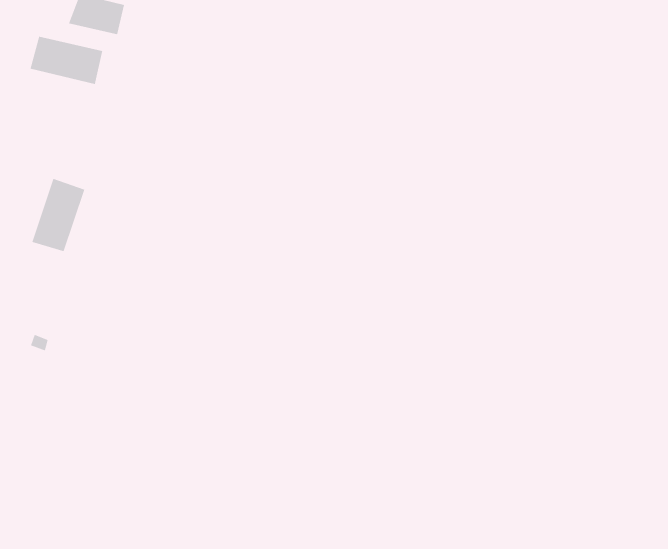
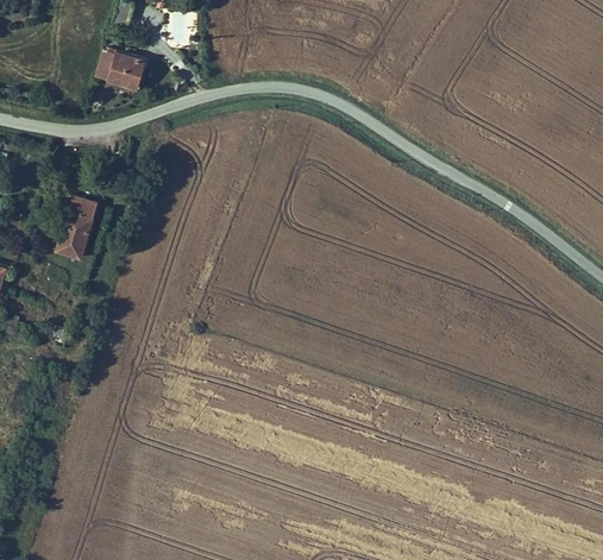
building: [30,36,103,85] -> none

